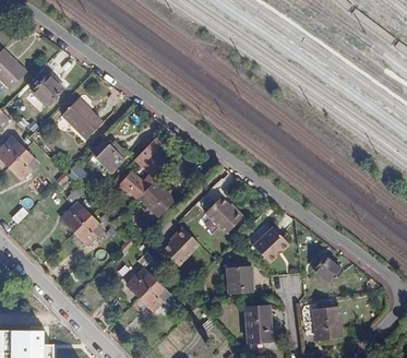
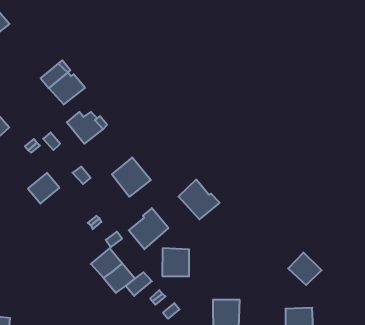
building: [31,73,63,107] -> none
building: [119,150,166,200] -> none
building: [73,215,103,244] -> none
building: [253,226,290,263] -> none
building: [225,266,252,294] -> [162,248,189,276]

